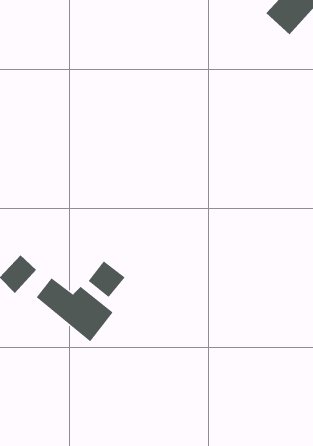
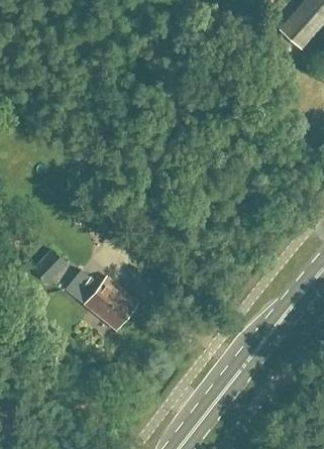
building: [88,261,126,298] -> none

